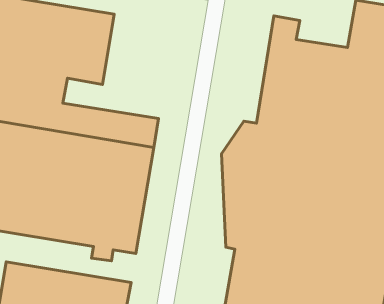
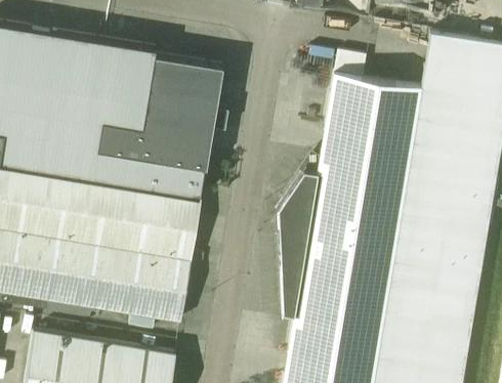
building: none -> [97,57,228,169]

